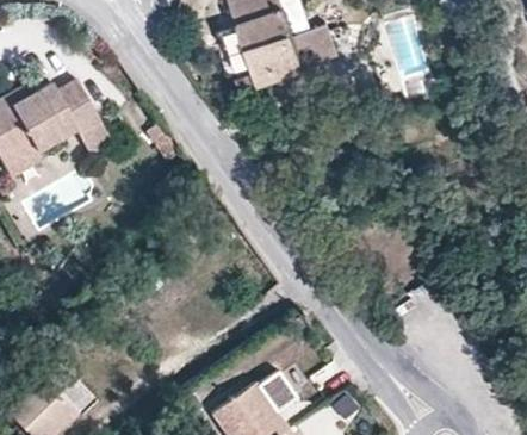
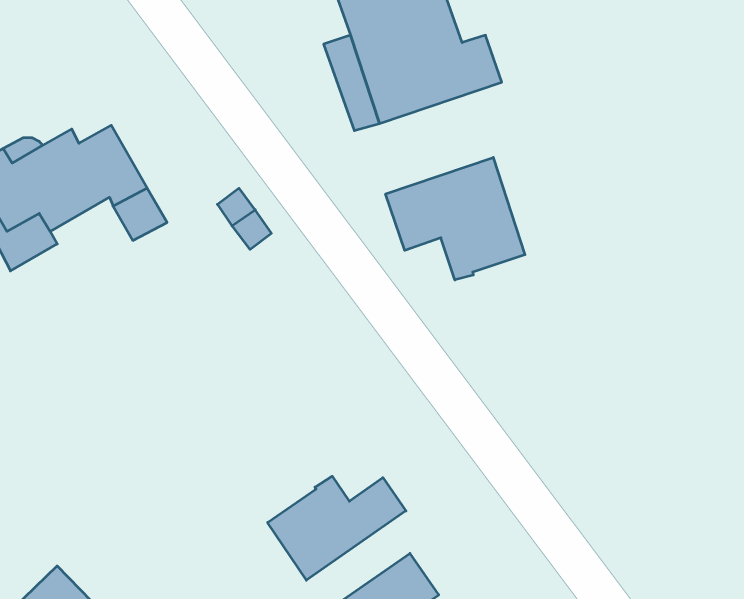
building: none -> [386,157,525,280]
building: none -> [268,476,406,580]

